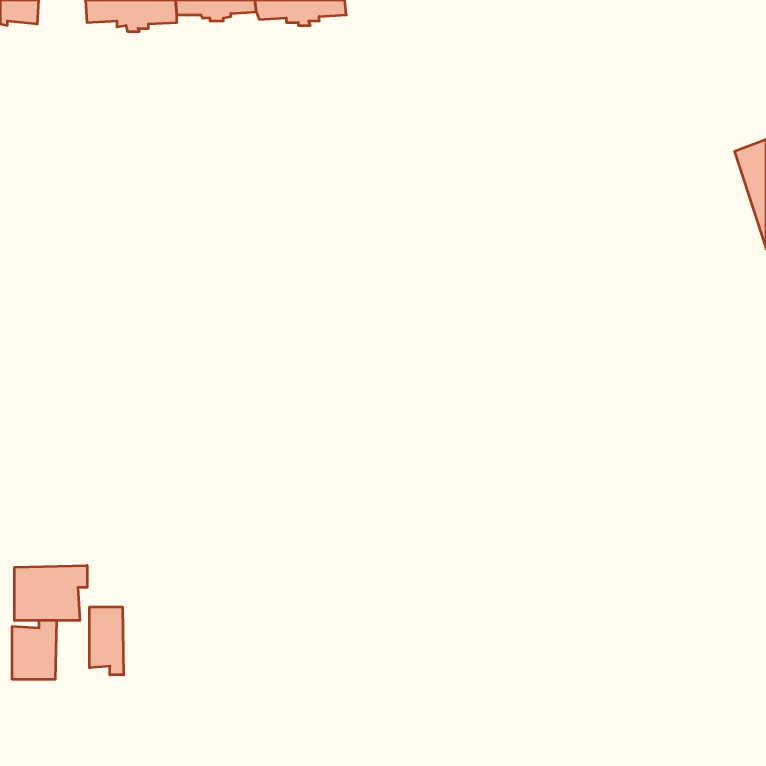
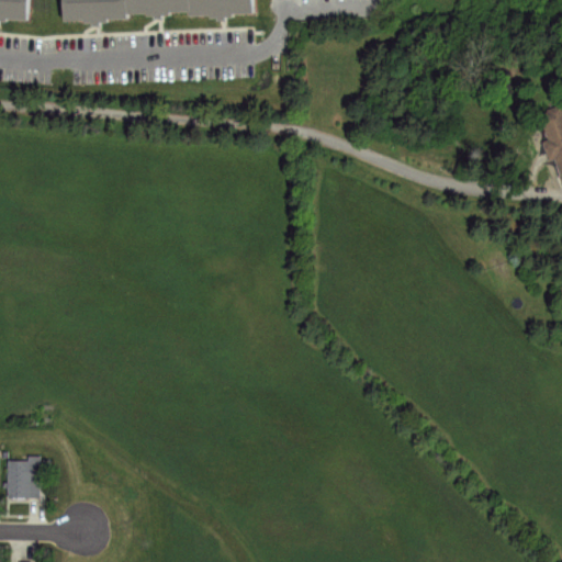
building: [15,565,87,621] -> none
building: [90,607,124,675] -> none

